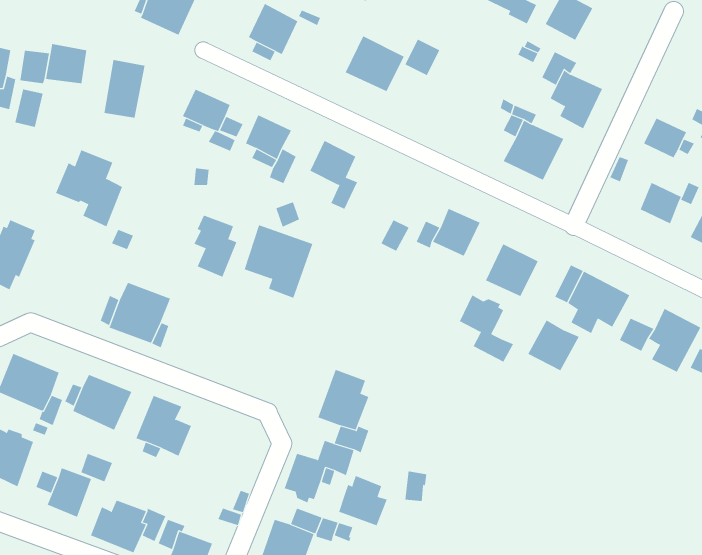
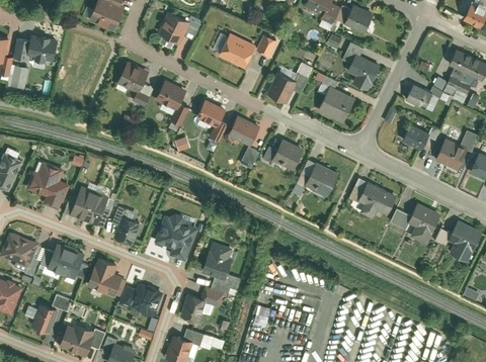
building: [104,59,145,118] -> none
building: none -> [266,73,296,103]
building: [55,150,123,227] -> [25,162,68,210]
building: none -> [227,114,260,147]
building: [194,215,237,278] -> [111,205,139,245]
building: [244,224,313,299] -> [154,213,197,260]
building: [459,295,514,363] -> none
building: [528,319,579,371] -> none
building: none -> [118,283,160,315]
building: [338,475,387,526] -> none

